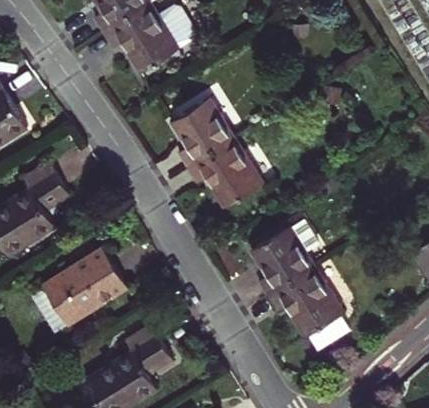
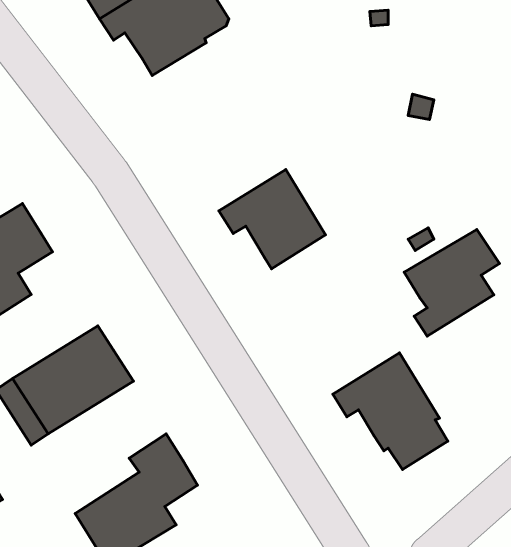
building: [171,98,234,166] -> none
building: [251,220,318,295] -> [404,230,500,336]

